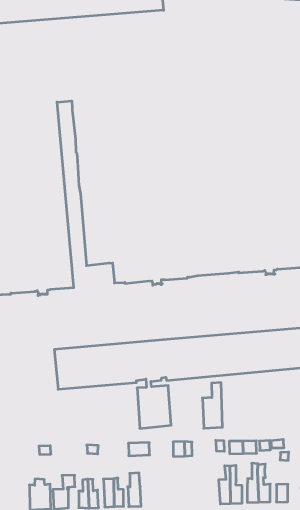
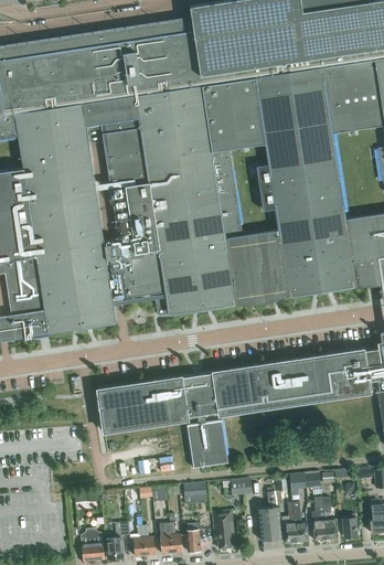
building: [202,383,222,428] -> [258,491,281,541]
building: none -> [212,510,234,548]

